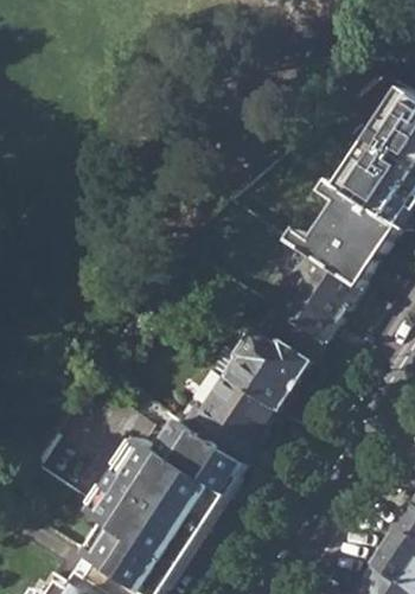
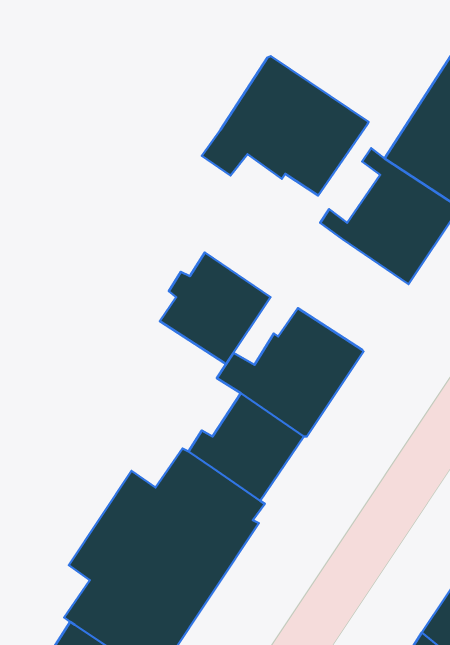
building: none -> [202,56,368,195]
building: [270,250,358,339] -> [160,252,271,364]

